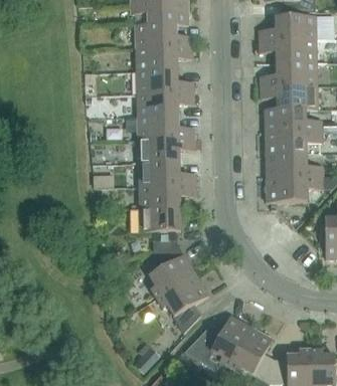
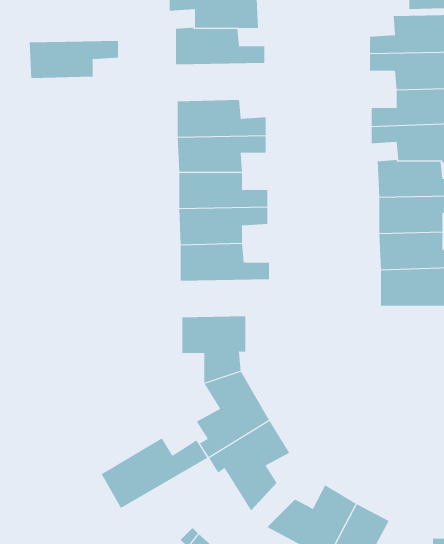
building: [135,46,192,70] -> [29,41,119,78]
building: [138,184,195,208] -> none
building: none -> [101,438,208,509]

